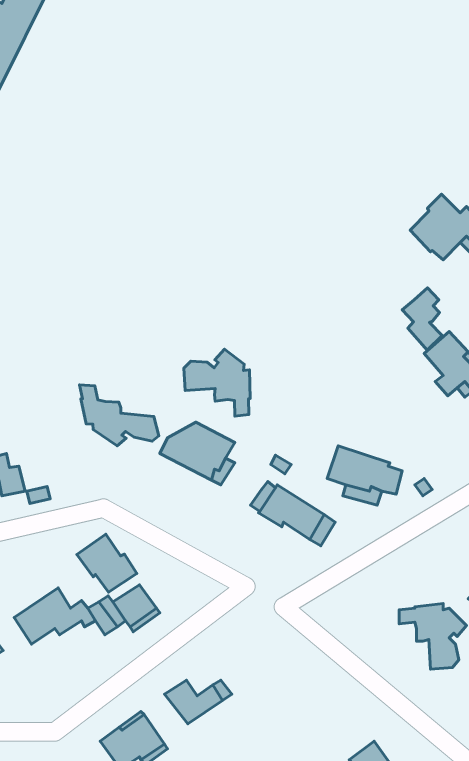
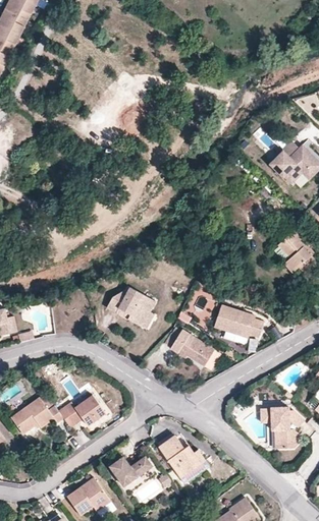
building: [402,288,442,350] -> none
building: [184,349,250,416] -> none
building: [79,385,159,446] -> none
building: [77,534,137,592] -> none
building: none -> [159,436,206,477]

